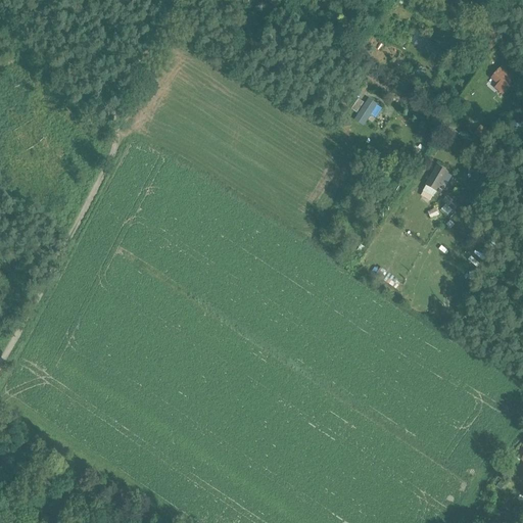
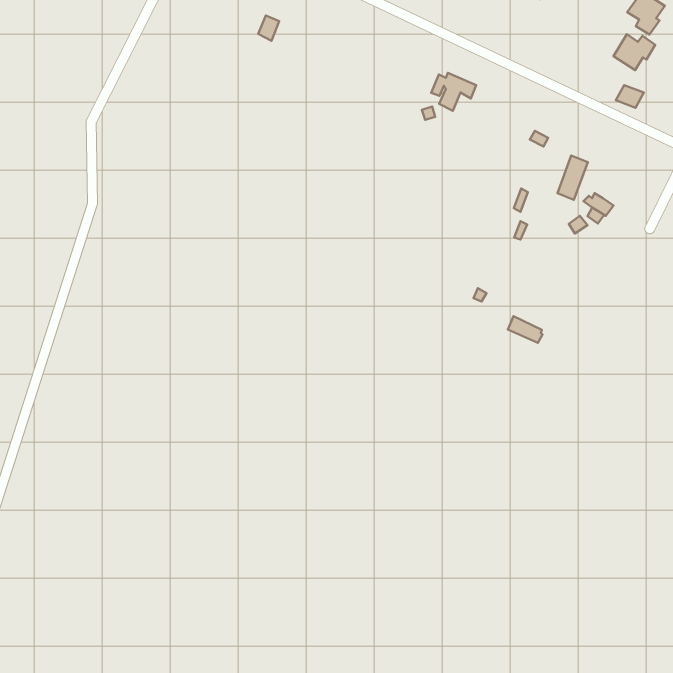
building: none -> [614,34,655,70]

